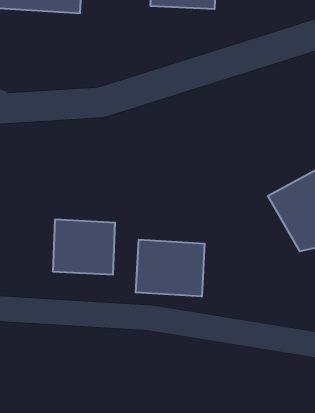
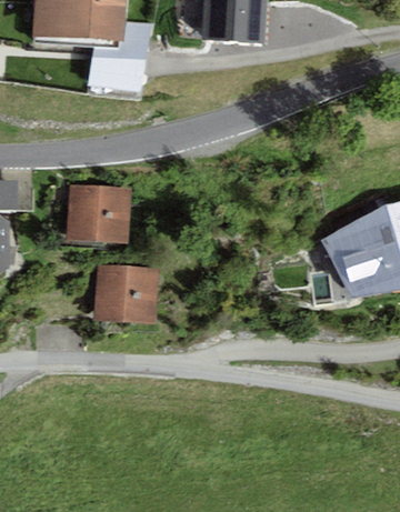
building: none -> [67,183,132,243]
building: [136,240,205,297] -> none

